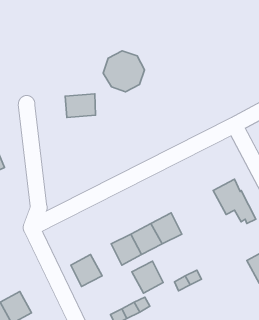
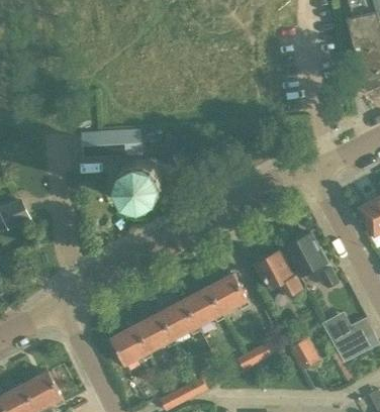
building: [103,51,144,92] -> [113,158,164,208]
building: none -> [254,251,297,296]
building: [132,261,163,293] -> [134,313,173,352]
building: none -> [288,337,318,370]

